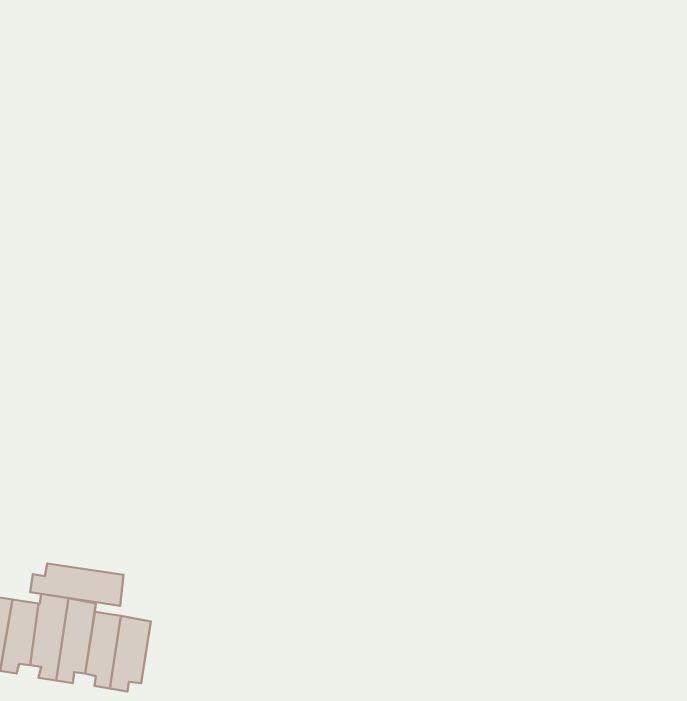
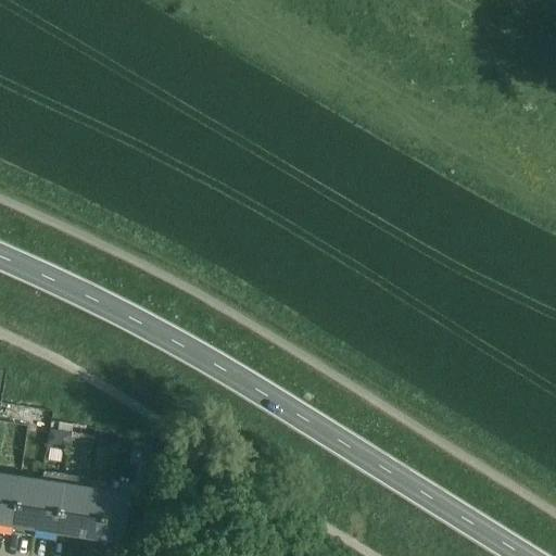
building: [30,564,124,606] -> none

